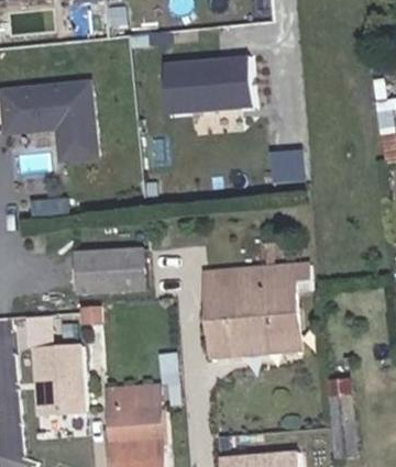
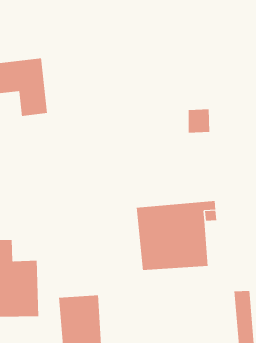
building: [157,56,256,109] -> none
building: [73,247,143,294] -> none

